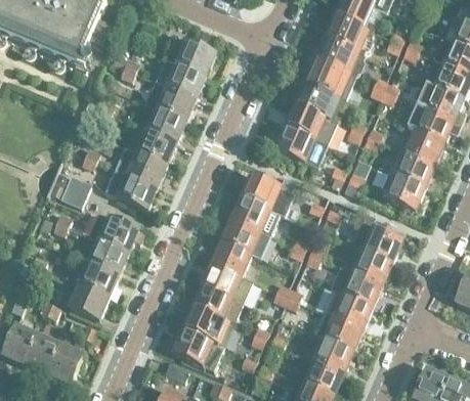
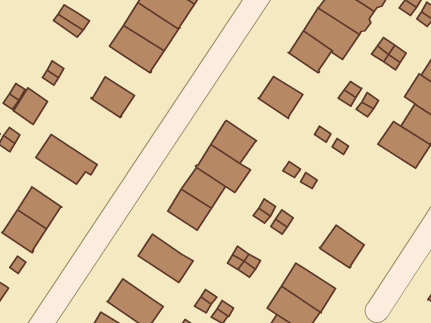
building: [286,105,337,146] -> none
building: [137,132,176,167] -> none
building: [105,171,157,212] -> none
building: [382,173,425,211] -> none
building: [364,228,402,264] -> none
building: [89,241,128,276] -> none
building: [203,264,252,304] -> none
building: [344,274,382,307] -> none
building: [183,308,233,349] -> none

